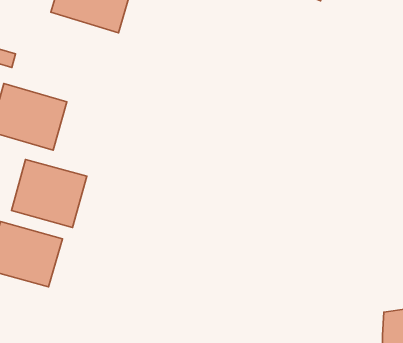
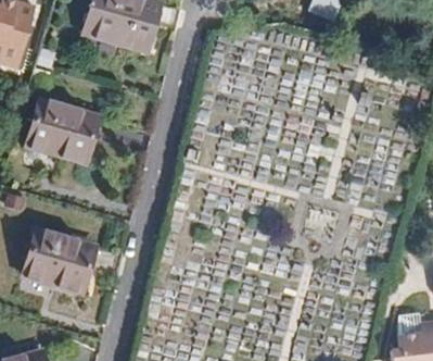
building: [11,159,87,227] -> none

